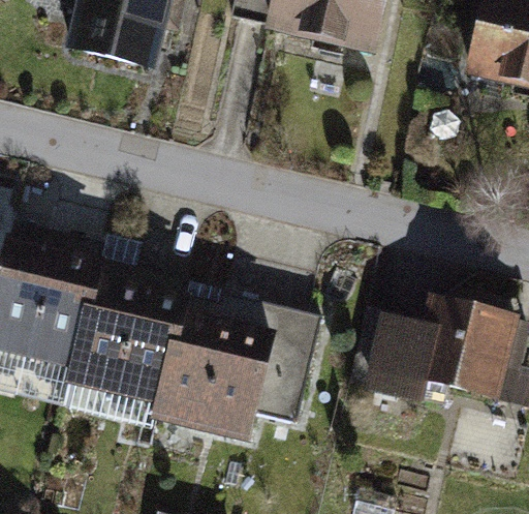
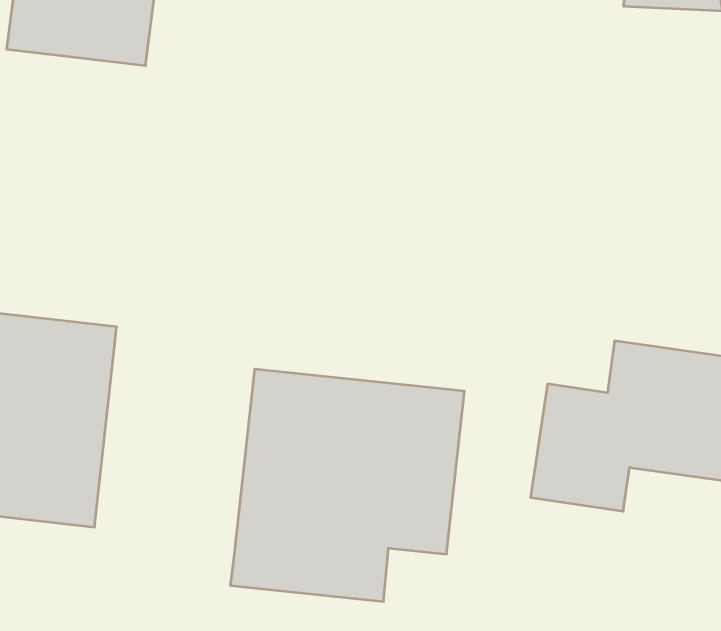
building: [68,251,191,403] -> none

